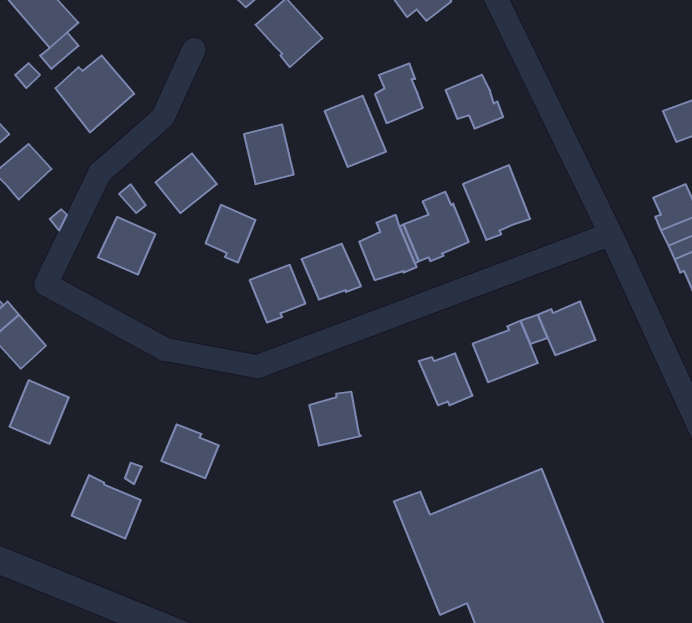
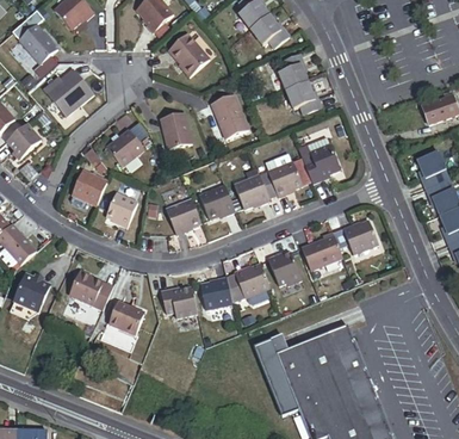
building: [375,64,423,123] -> [279,54,309,91]
building: [206,205,256,262] -> [106,192,137,228]
building: none -> [229,265,271,303]
building: none -> [162,289,198,320]
building: [72,475,141,539] -> [72,268,114,308]

